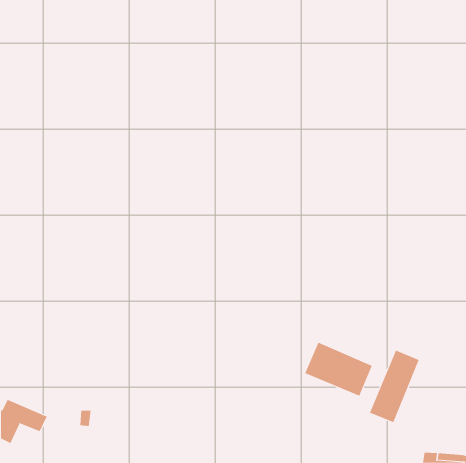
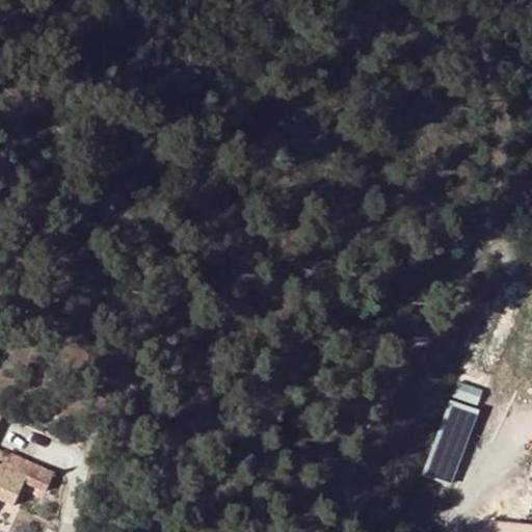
building: [305,342,372,396] -> none

